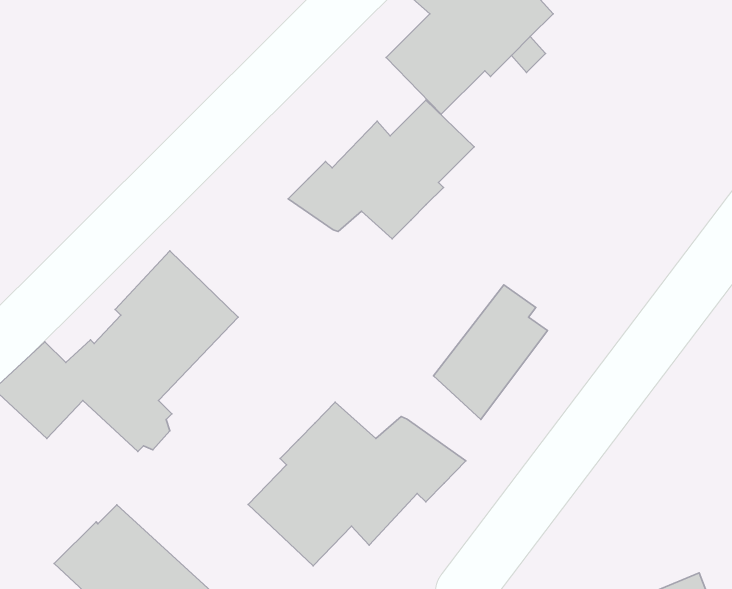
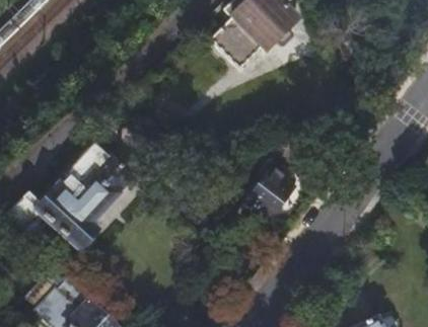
building: [288,100,474,239] -> none
building: [248,402,466,566] -> none

